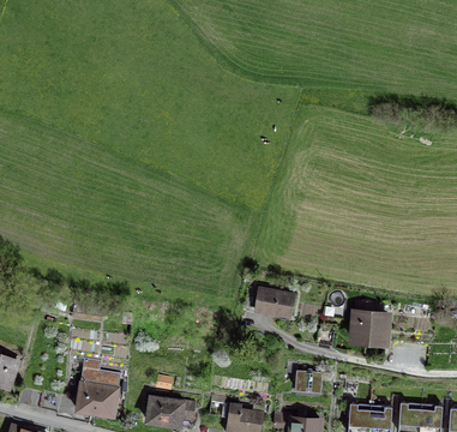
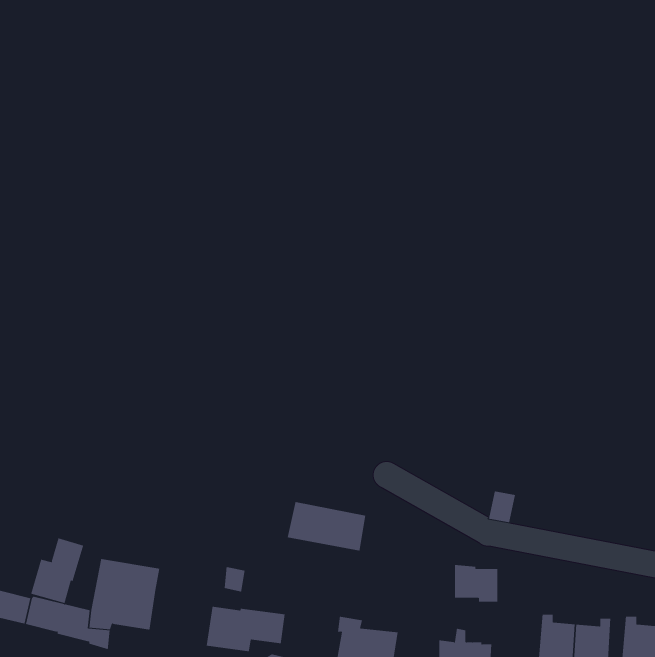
building: [245,286,293,316] -> [287,502,366,551]
building: [350,311,392,346] -> none
building: none -> [30,537,84,604]

